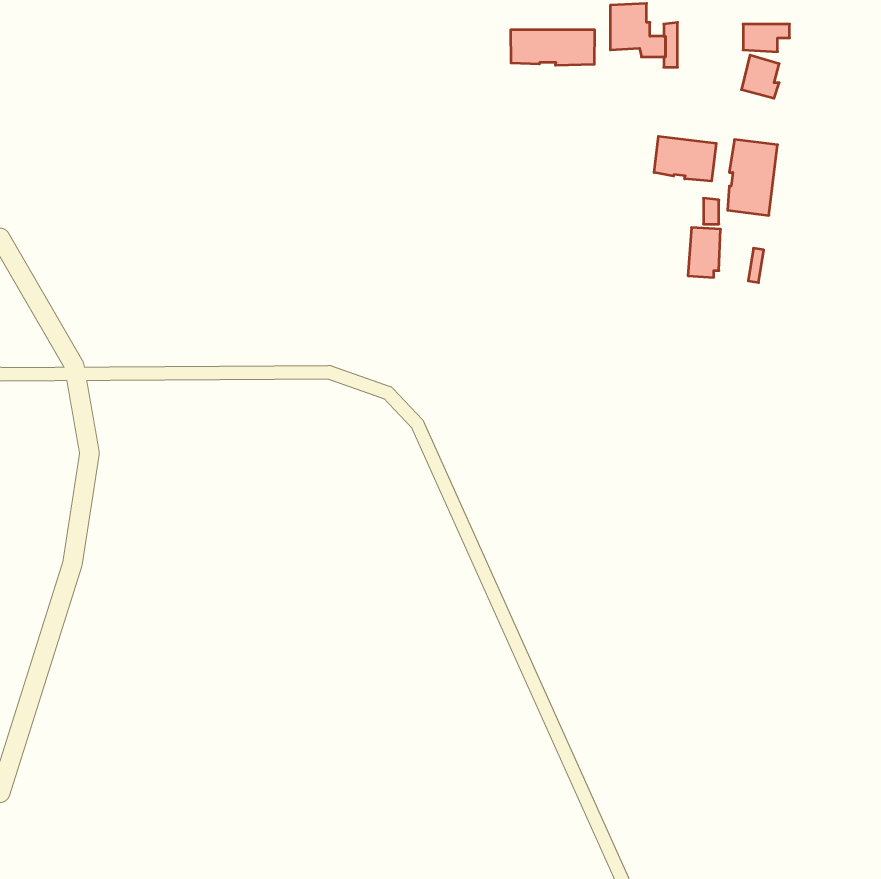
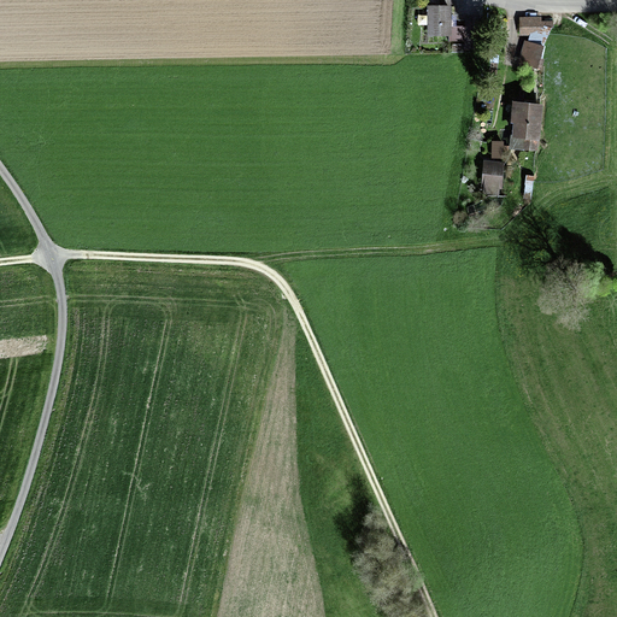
building: [511,30,594,65] -> none
building: [654,136,716,181] -> none

